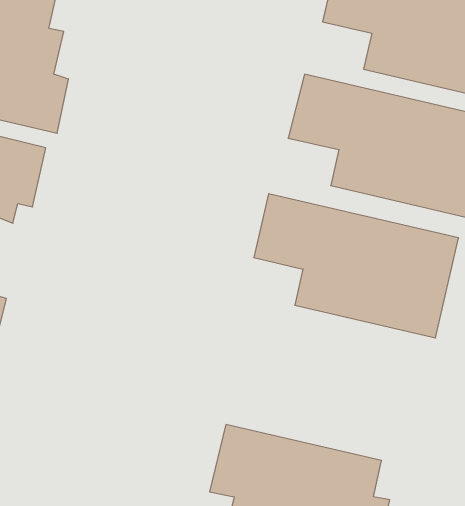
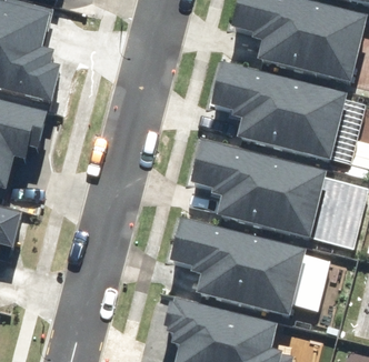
building: none -> [170,219,309,316]

